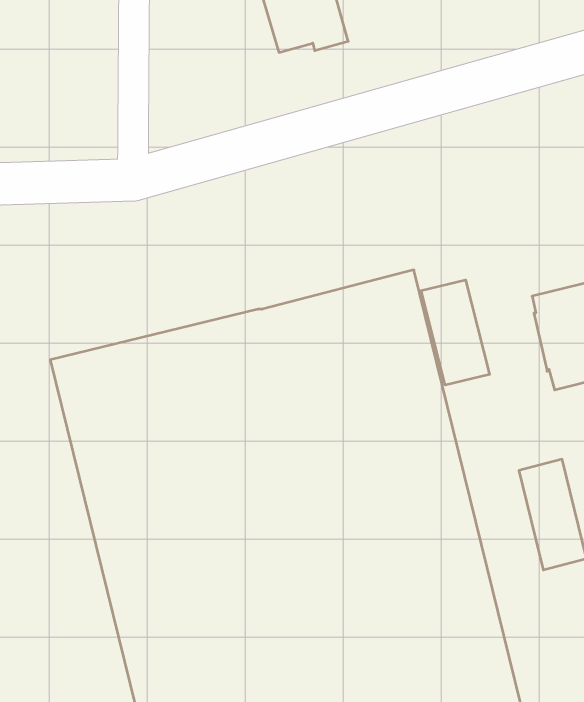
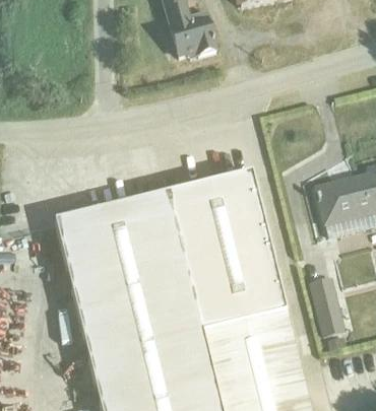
building: [421,280,490,385] -> none

